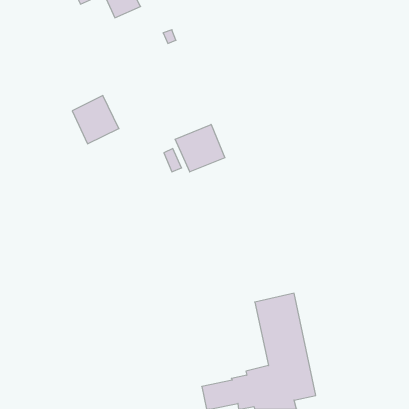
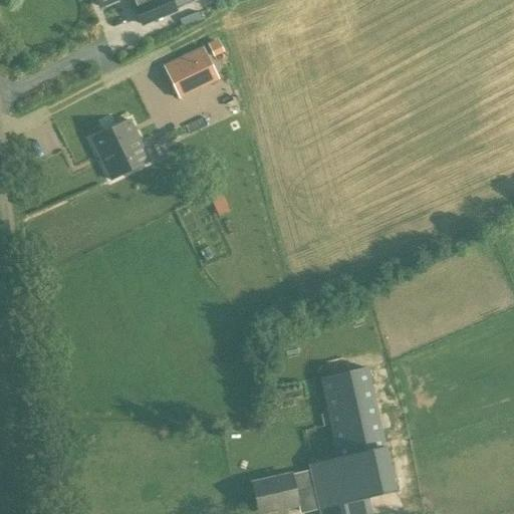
building: none -> [161,45,215,95]
building: [175,124,225,172] -> none

